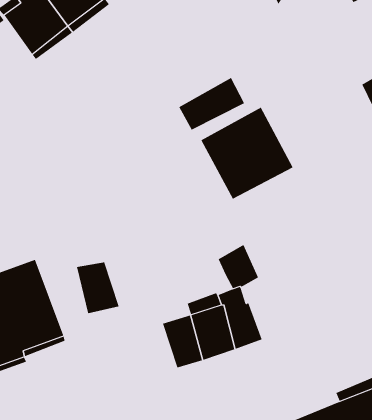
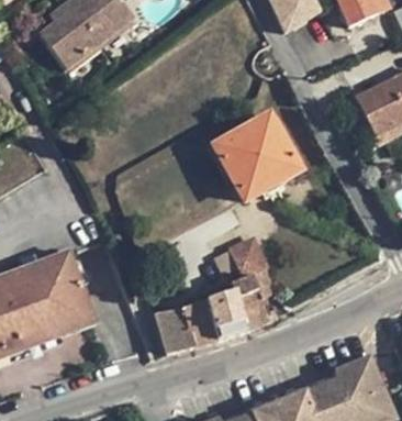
building: [178,77,245,130] -> none
building: [76,262,120,314] -> [155,308,193,354]

